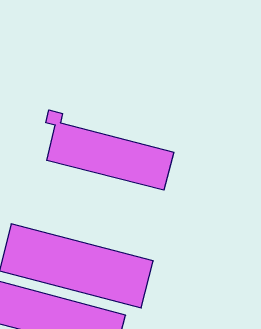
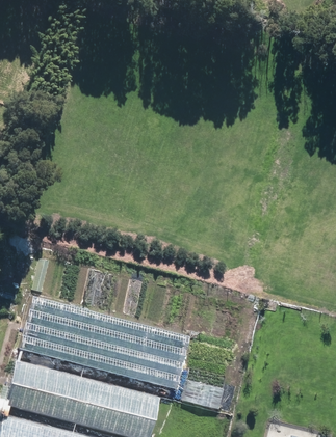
building: [46,110,174,190] -> none

